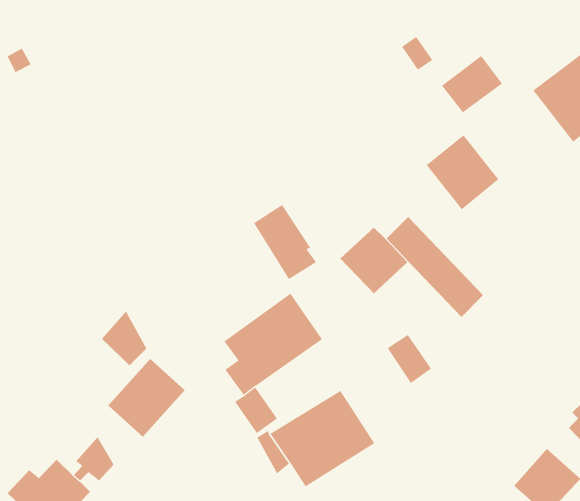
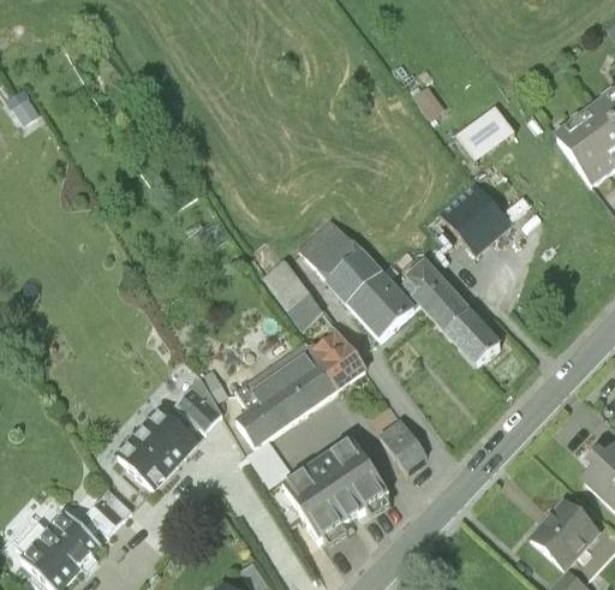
building: none -> [298,215,388,306]
building: none -> [309,328,365,388]
building: [101,311,147,366] -> [175,375,222,431]
building: [387,334,432,384] -> [381,419,426,470]

